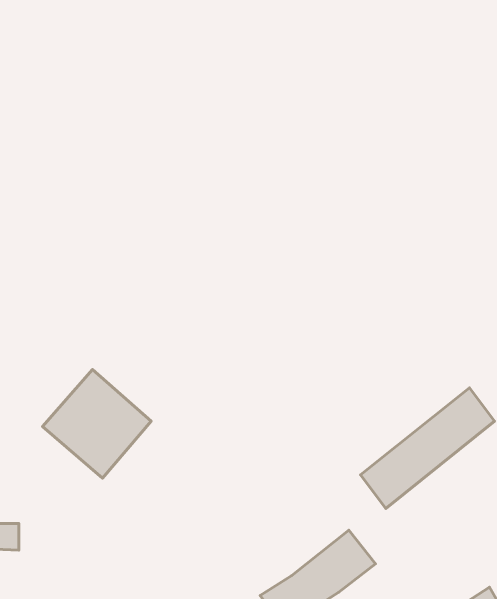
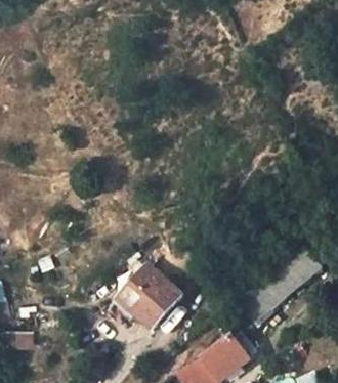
building: [42,369,151,478] -> [119,265,185,332]

